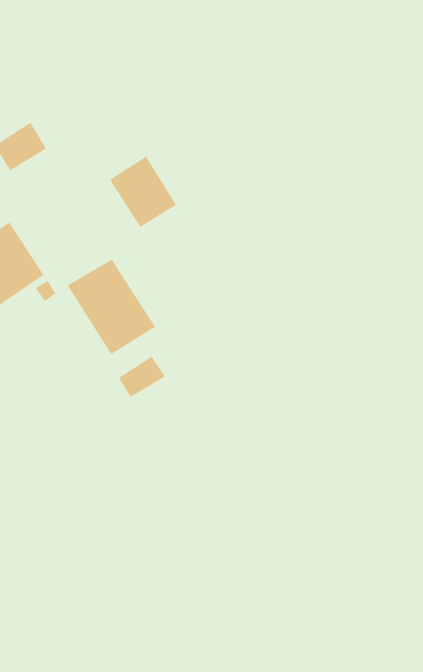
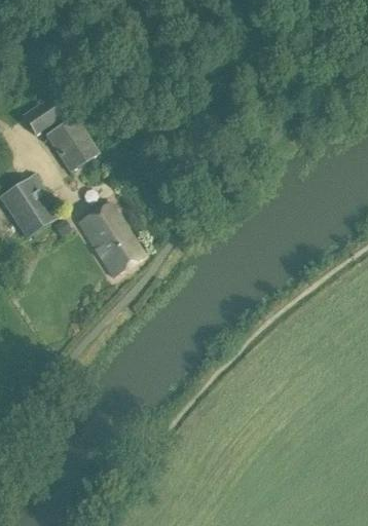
building: [109,156,177,228] -> [46,115,99,171]
building: [118,356,165,398] -> none

